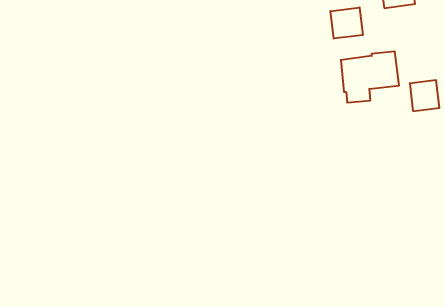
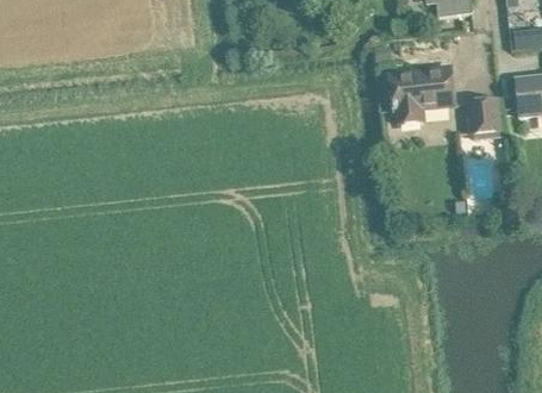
building: [330,7,363,39] -> none

